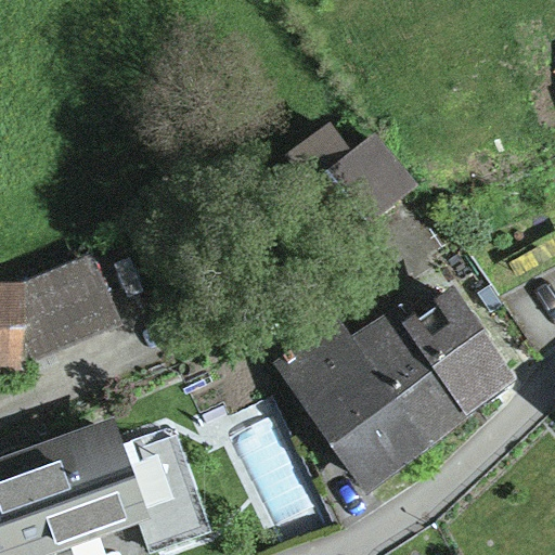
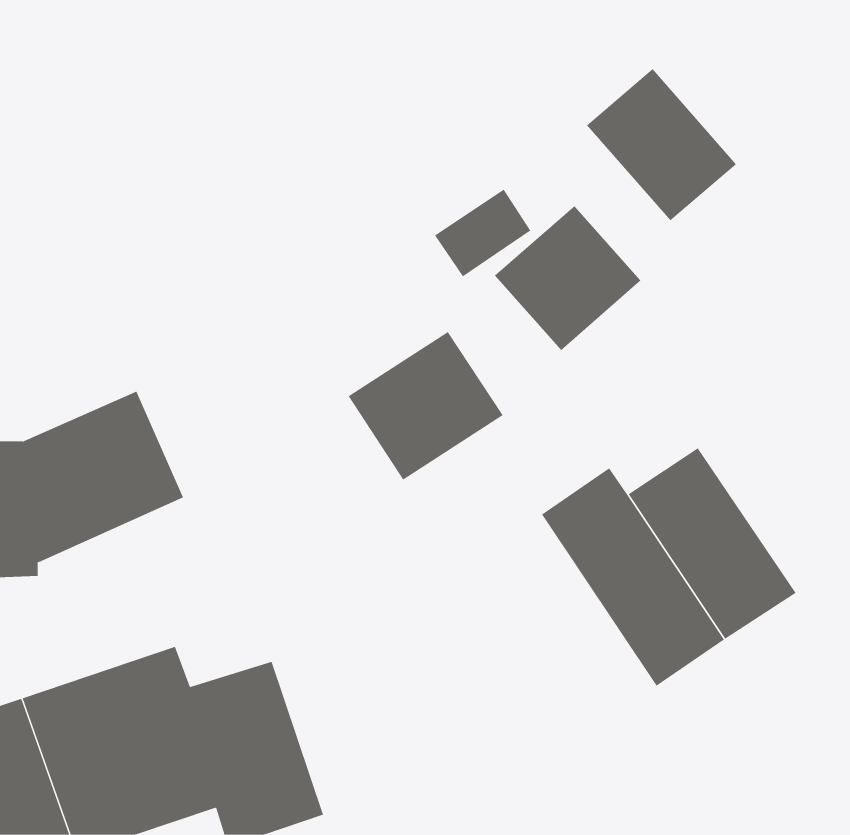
building: none -> [586,68,737,221]
building: none -> [348,331,503,480]
building: [266,301,426,489] -> none

